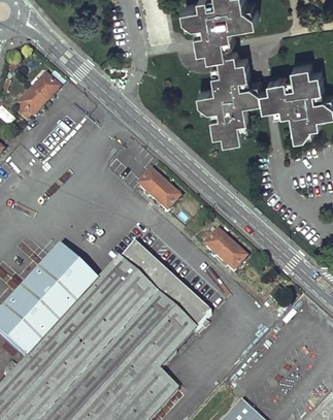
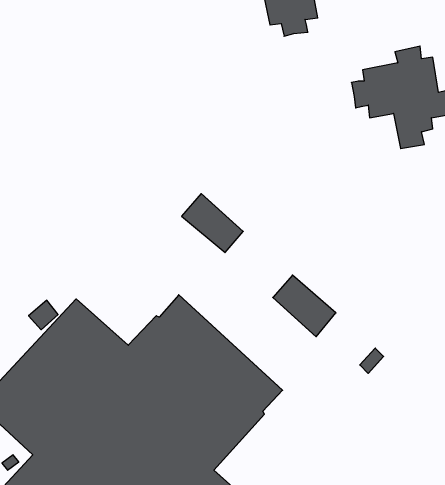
building: [197,52,262,142] -> none
building: [16,76,60,123] -> none

